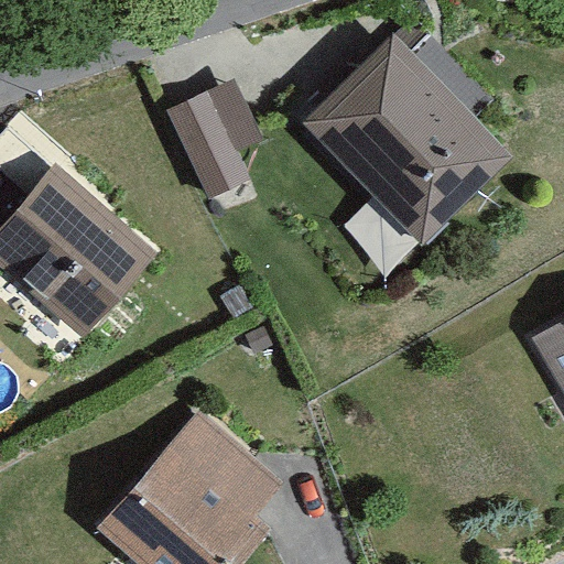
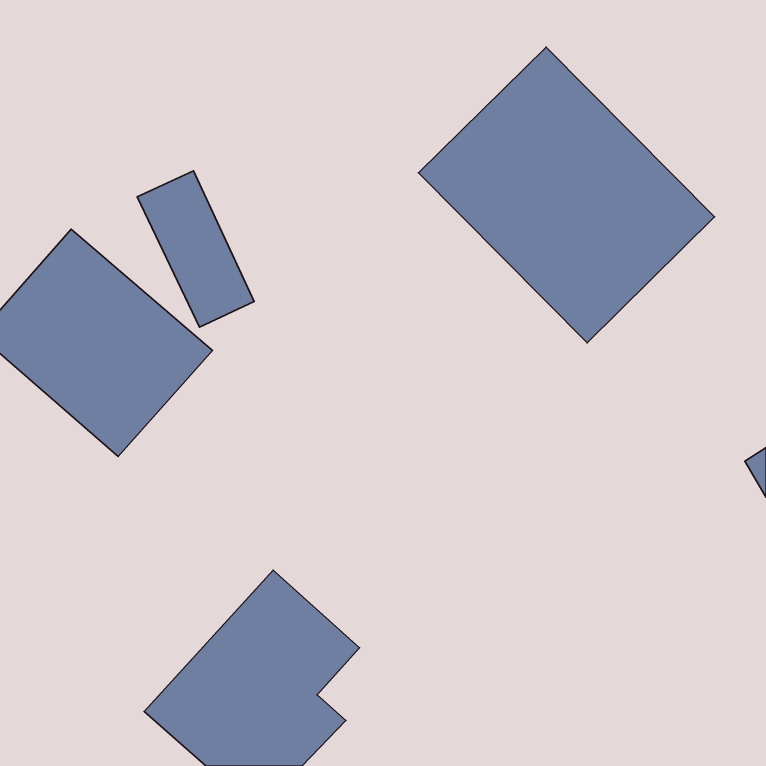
building: [165,87,250,200] -> [137,171,254,327]

